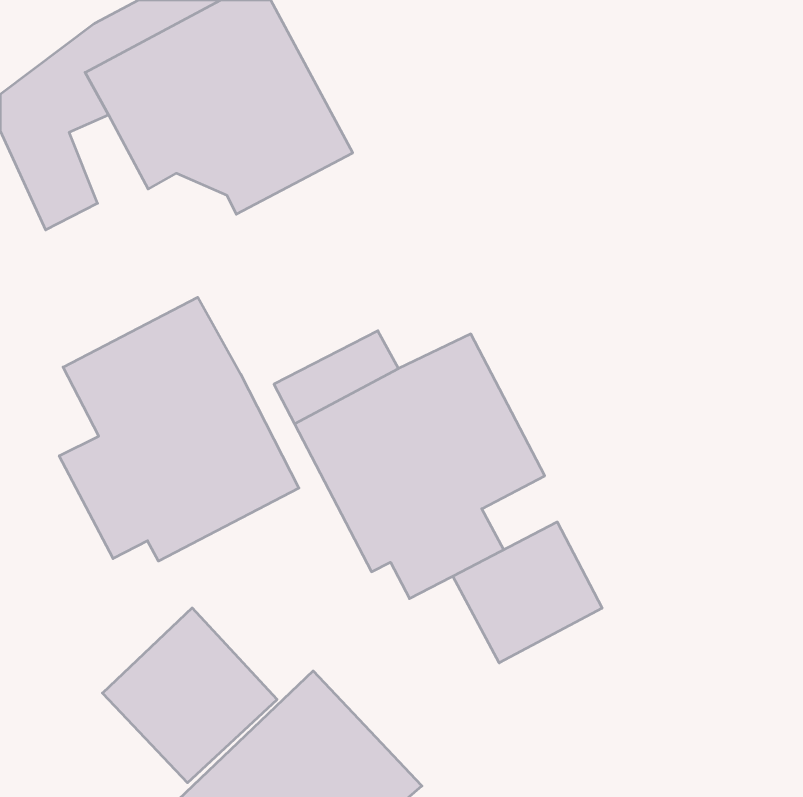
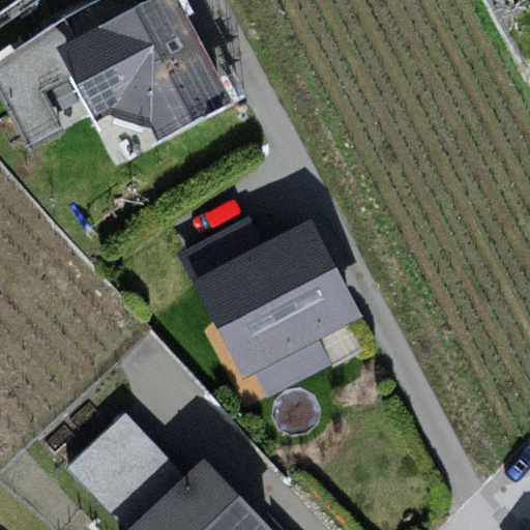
building: [59,297,299,561] -> none
building: [453,522,602,663] -> none

